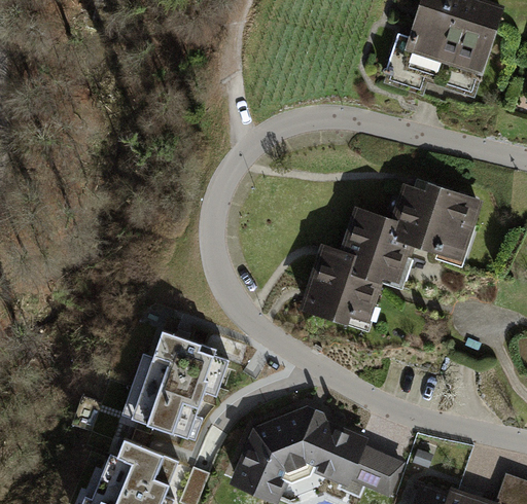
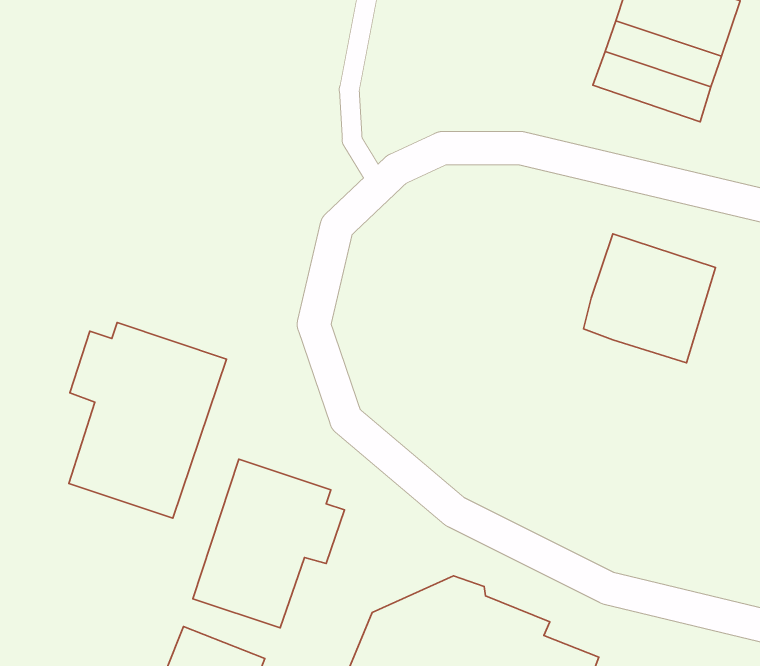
building: [298,207,413,332] -> none
building: none -> [69,323,226,518]

